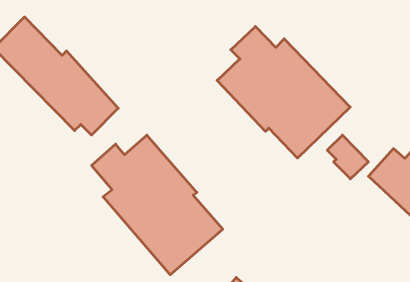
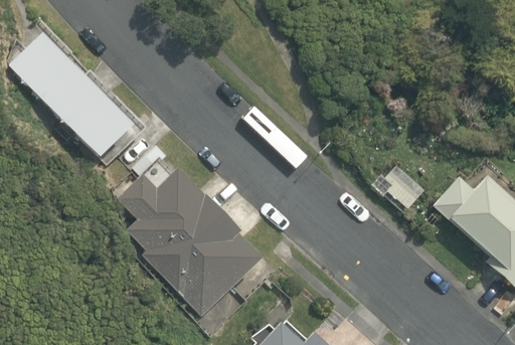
building: [217,26,350,158] -> none

